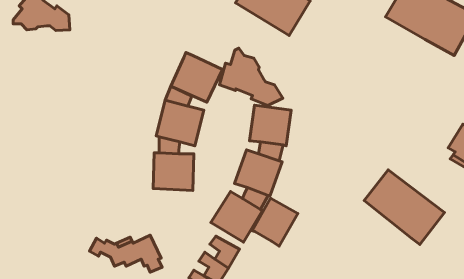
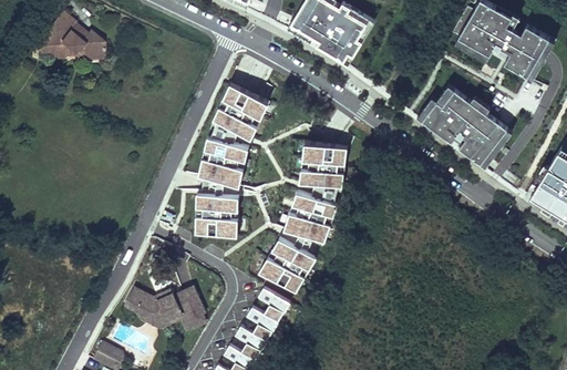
building: [220,48,283,105] -> none
building: [364,170,445,244] -> [420,85,509,168]
building: [252,198,298,246] -> none
building: none -> [134,305,192,330]

